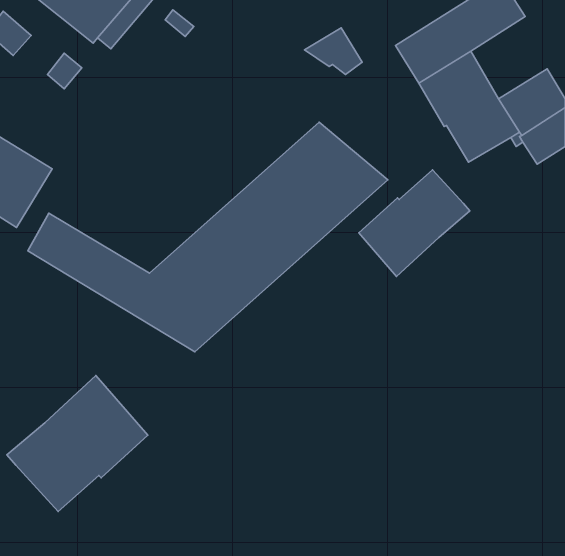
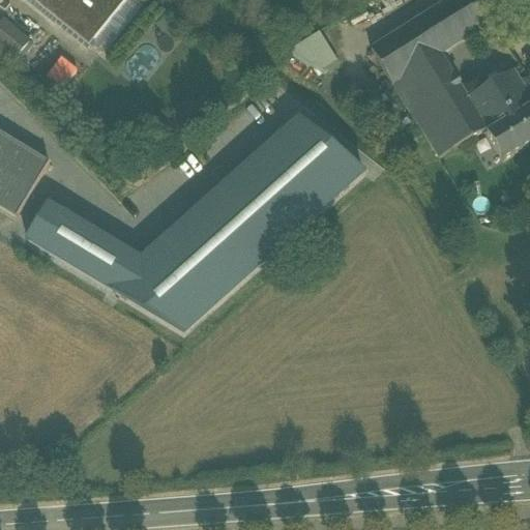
building: [359,170,470,276] -> none
building: [7,375,148,512] -> none

